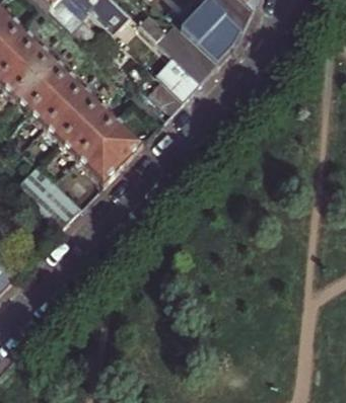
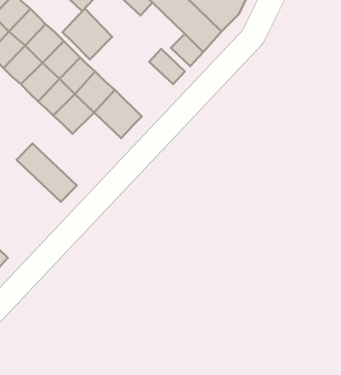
building: none -> [63,9,112,59]
building: [76,139,122,184] -> none

